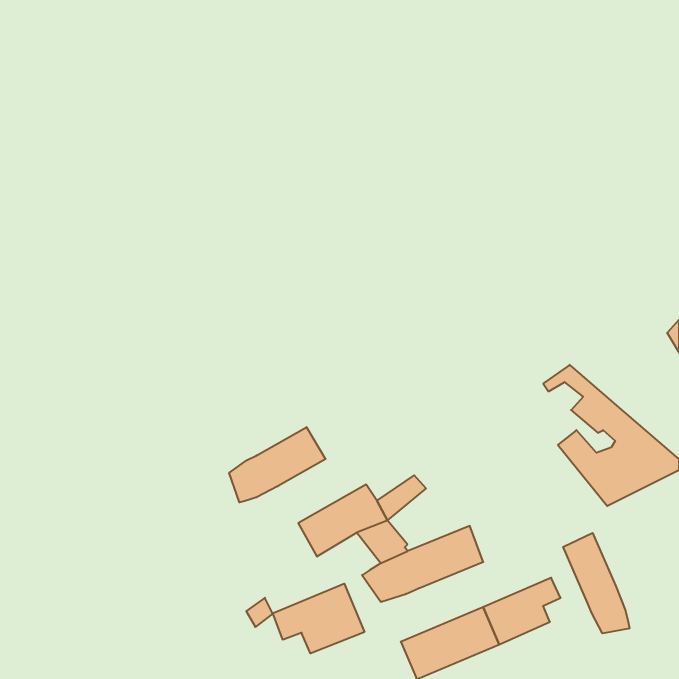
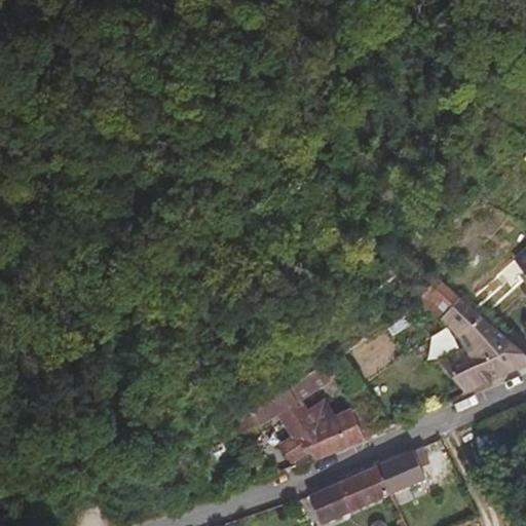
building: [229,427,326,502] -> none
building: [563,533,630,633] -> none
building: [273,584,364,653] -> none

